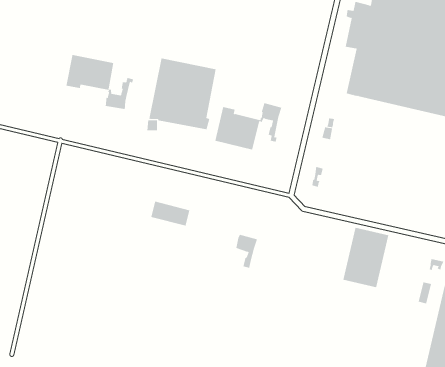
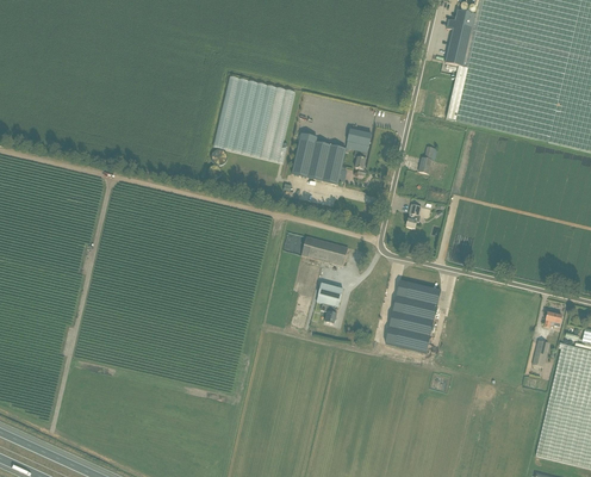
building: [66,54,133,110] -> none
building: [151,201,190,226] -> [303,235,349,265]
building: [343,227,389,288] -> [387,279,442,351]

